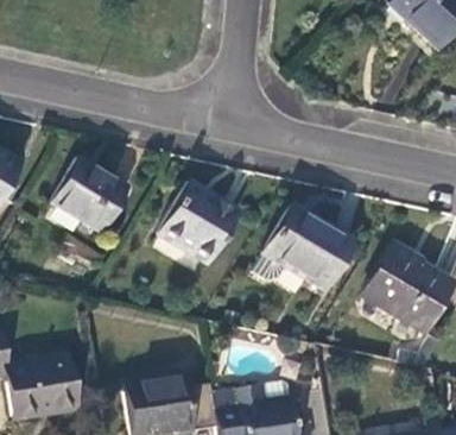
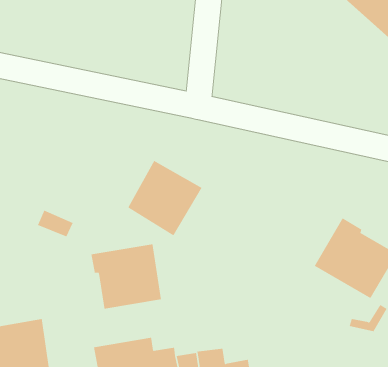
building: [53,160,128,234] -> none
building: [265,207,354,291] -> none
building: none -> [91,243,162,309]

